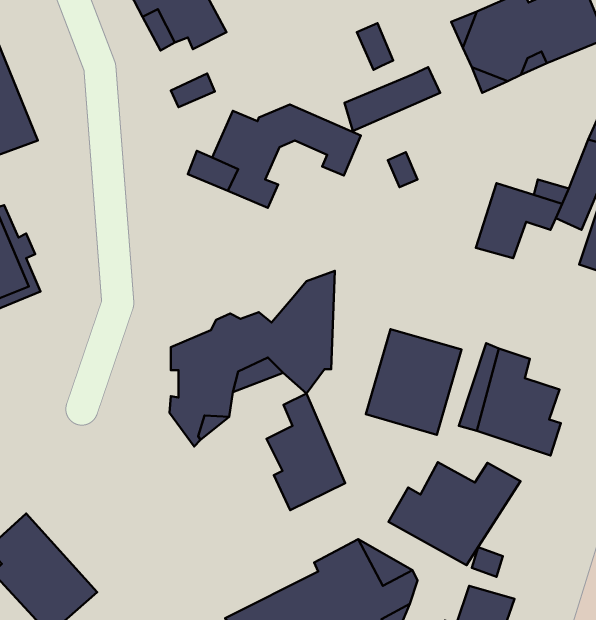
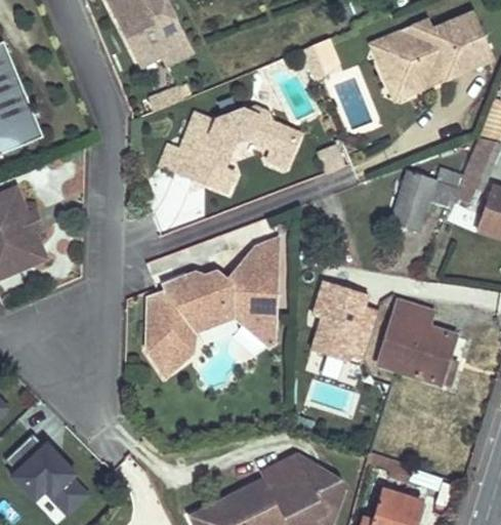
building: [345,67,440,131] -> none
building: [266,394,345,510] -> none
building: [389,462,520,565] -> none

